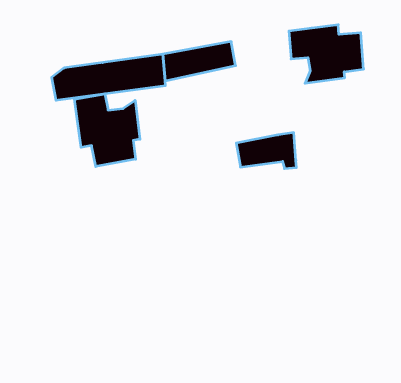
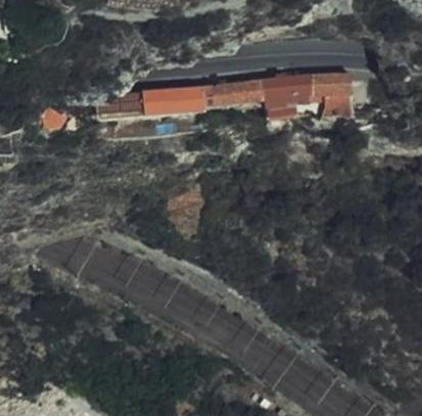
building: [74,94,140,167] -> none
building: [236,133,296,169] -> [246,76,295,105]

